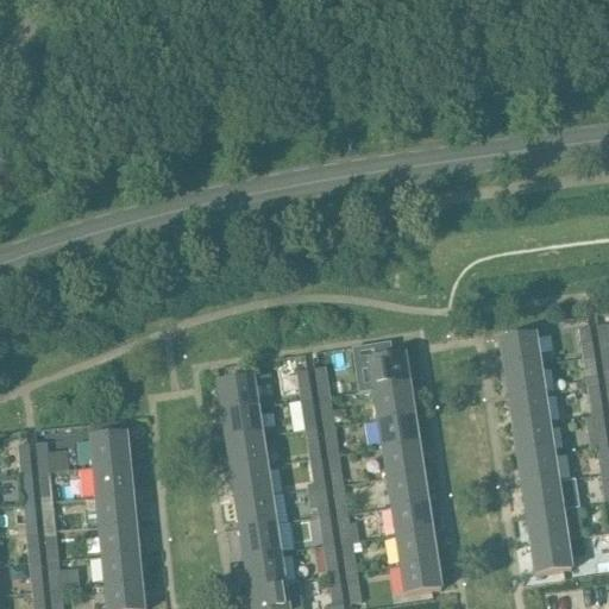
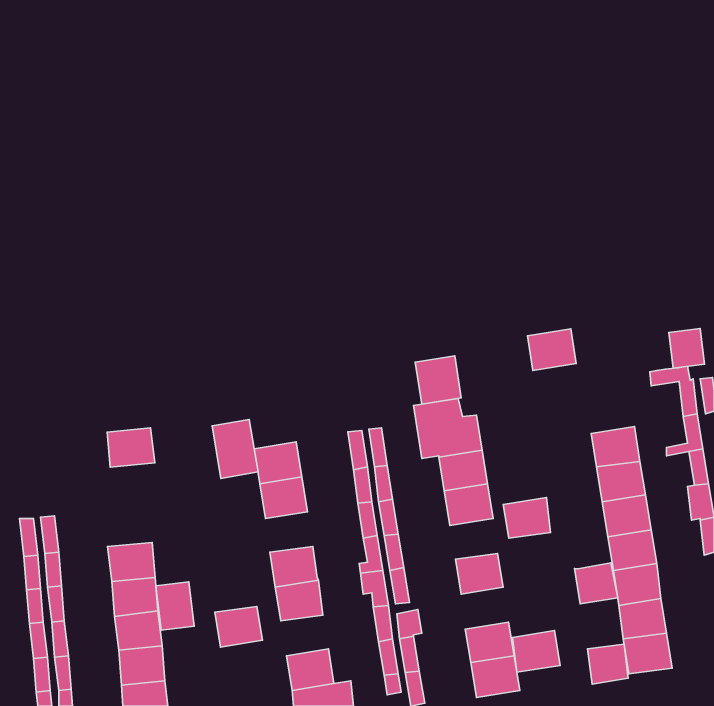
building: none -> [669,329,705,368]
building: none -> [415,356,461,404]
building: [498,333,540,369] -> [527,329,576,371]
building: none -> [212,419,258,478]
building: [89,432,130,465] -> [107,428,155,467]
building: [226,435,266,470] -> none
building: [383,441,423,476] -> [503,497,551,538]
building: none -> [574,563,618,604]
building: none -> [156,582,194,630]
building: [393,500,433,535] -> [513,630,560,672]
building: [239,523,280,558] -> [215,607,262,647]
building: none -> [587,644,628,684]

